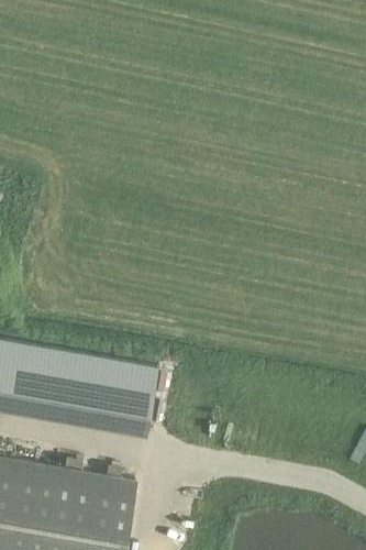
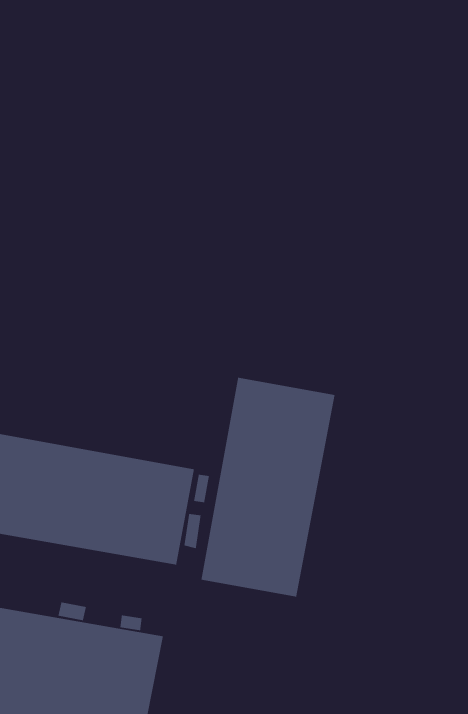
building: none -> [200,377,336,597]

